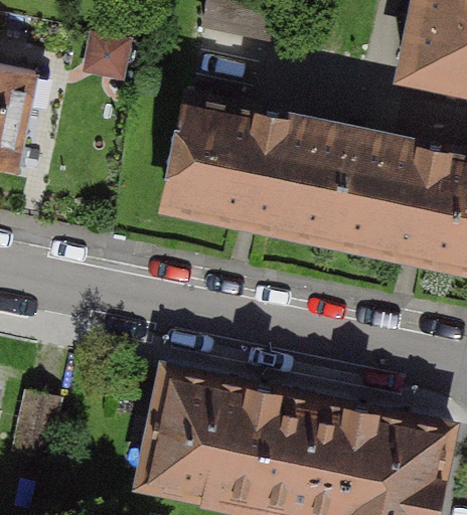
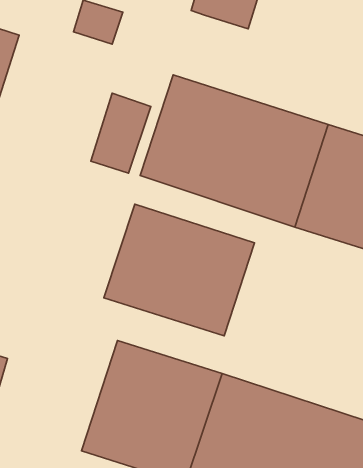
building: none -> [104,204,255,336]

